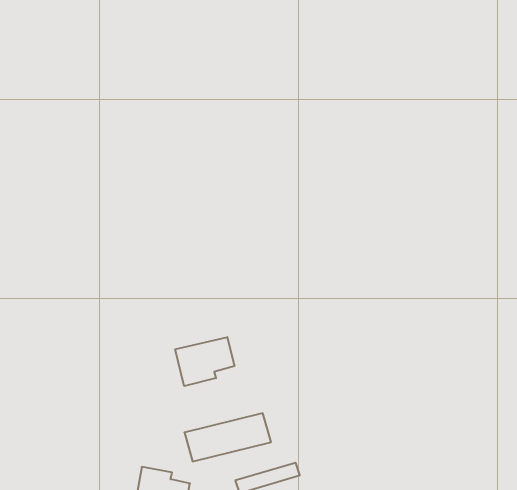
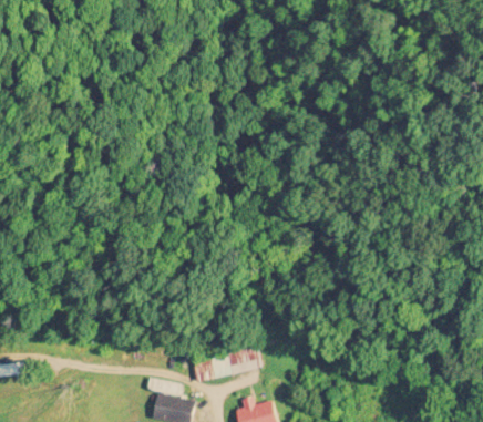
building: [175,337,234,386] -> none

